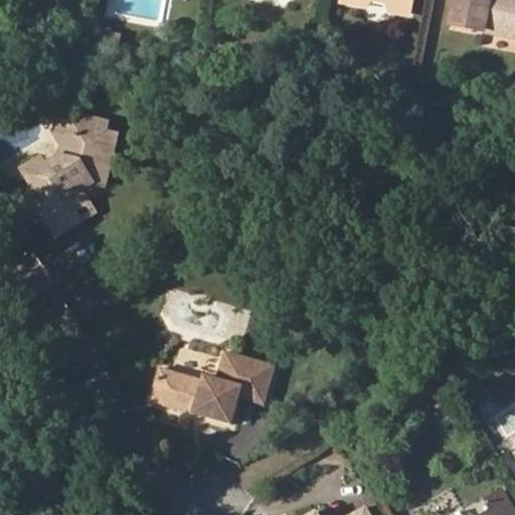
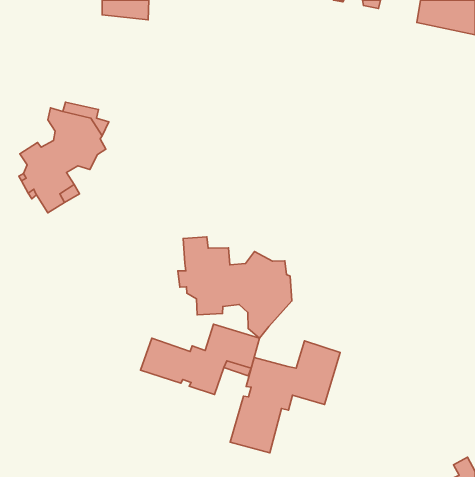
building: none -> [178,237,292,338]
building: none -> [230,341,340,453]

